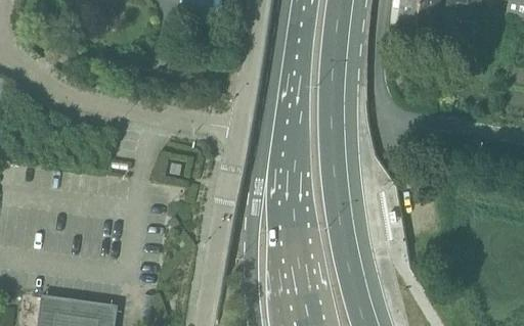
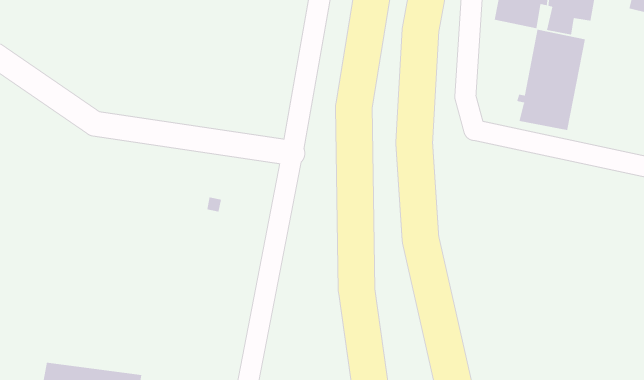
building: none -> [516,29,586,131]

